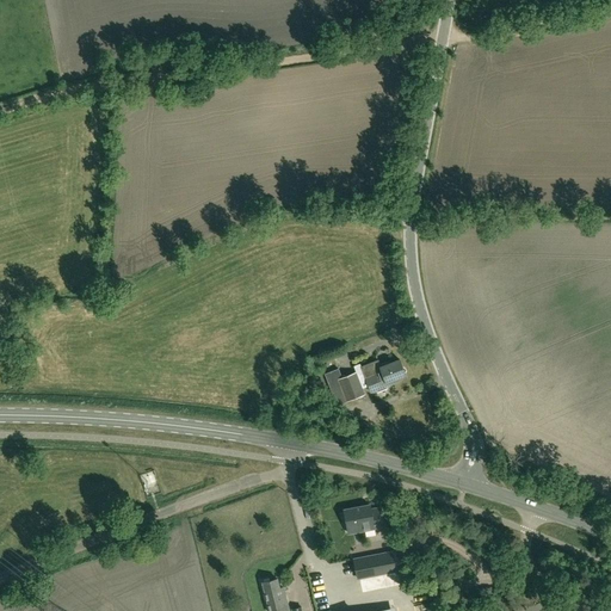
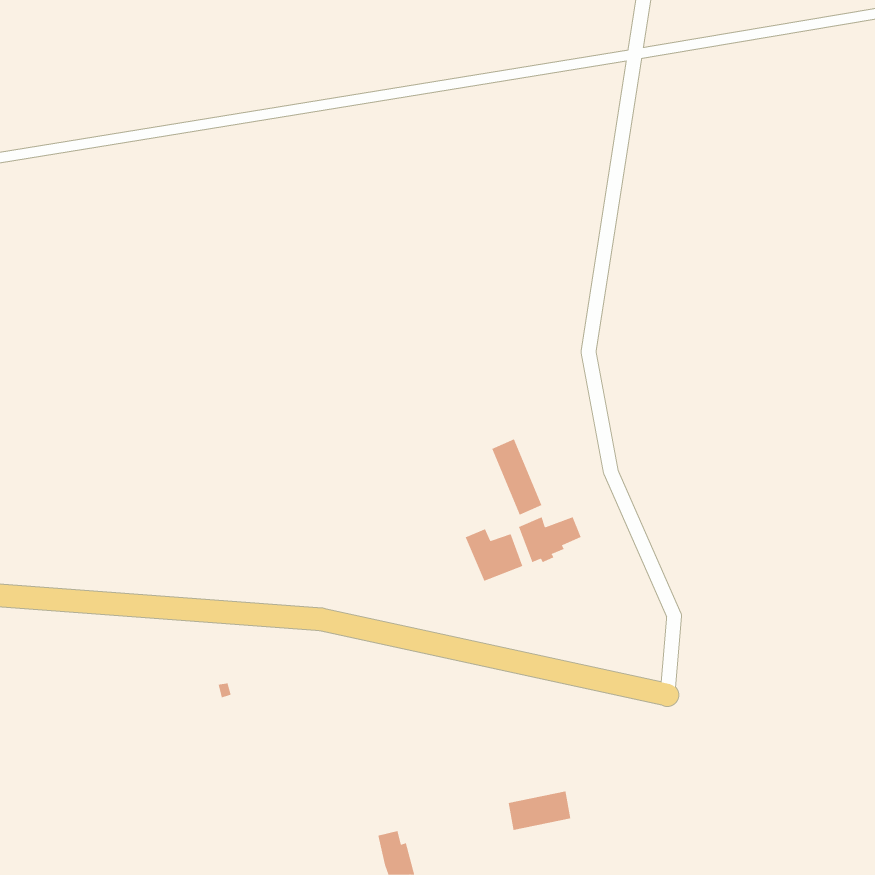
building: none -> [492,438,542,516]
building: [342,504,383,532] -> none

